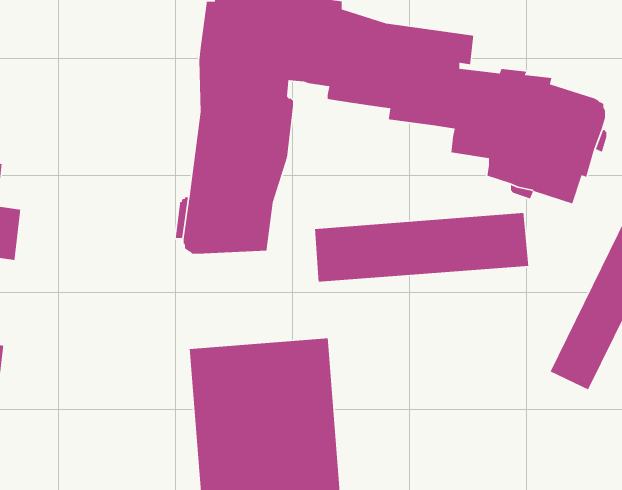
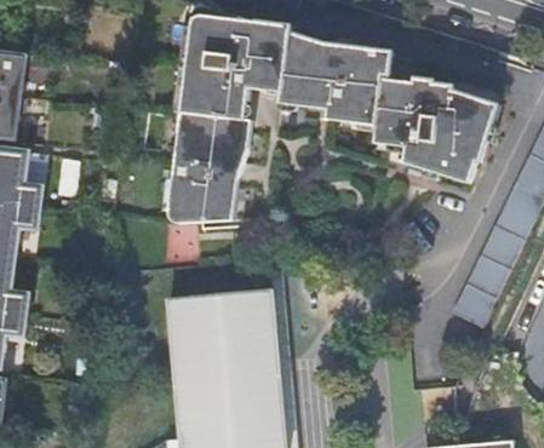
building: [314,212,529,282] -> none

